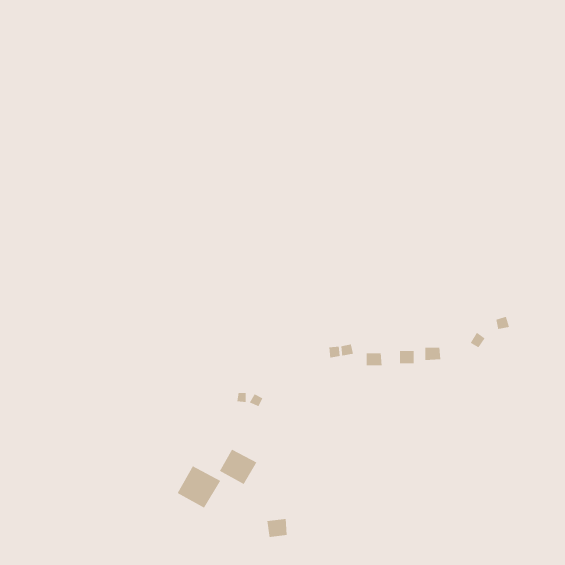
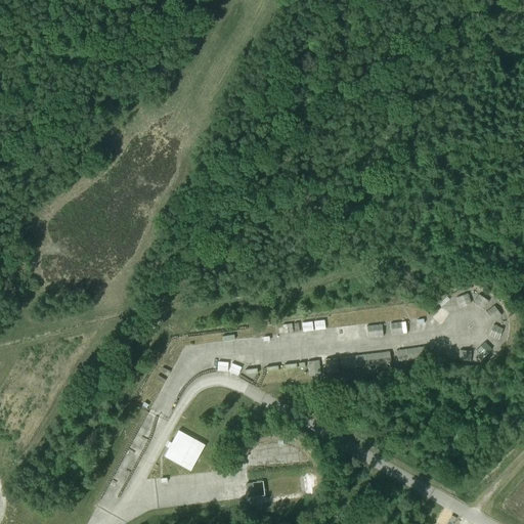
building: [219,449,257,485] -> none

